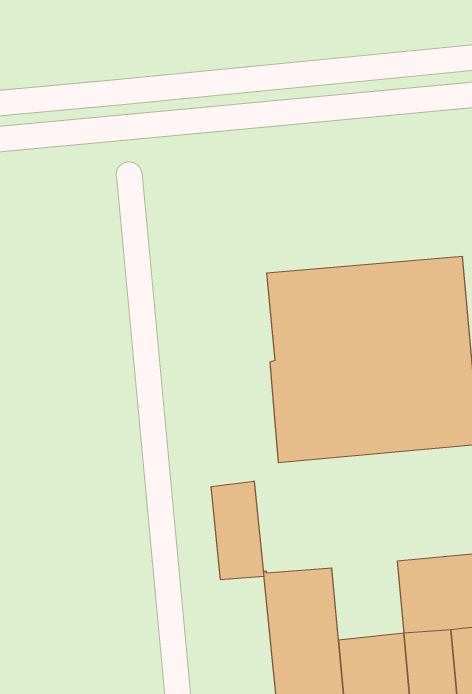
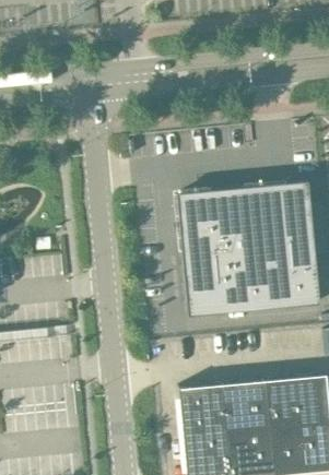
building: [211,481,264,580] -> none
building: none -> [225,381,272,432]

